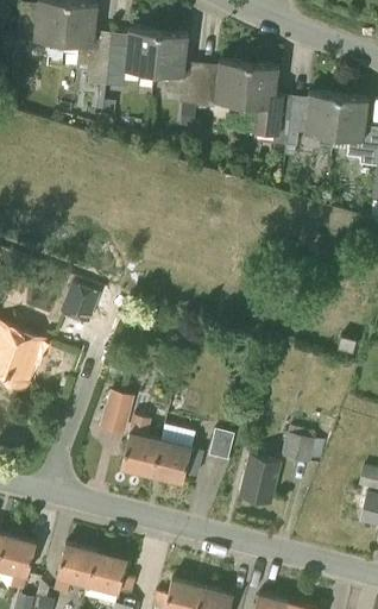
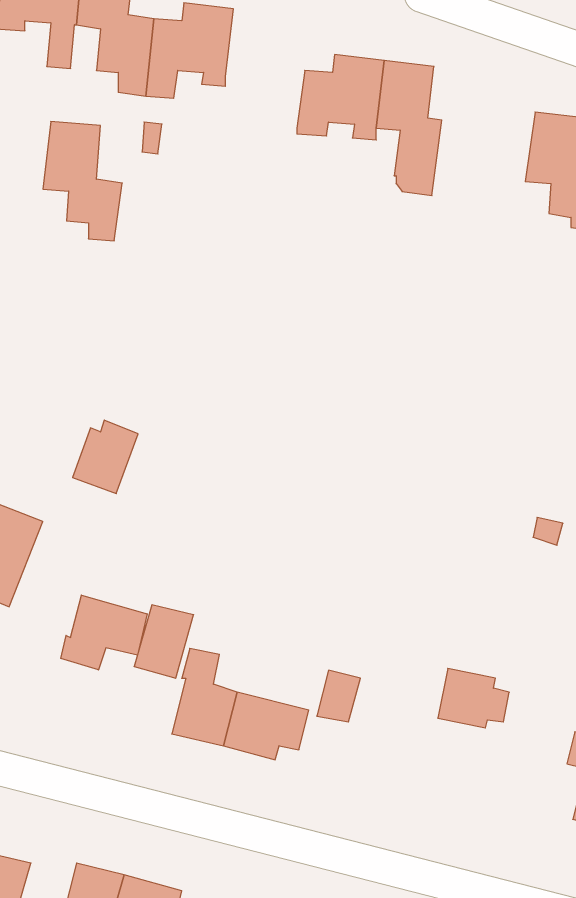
building: [153,32,201,103] -> [43,122,122,241]
building: [277,90,339,147] -> none
building: none -> [61,595,147,670]
building: [240,456,282,503] -> none

